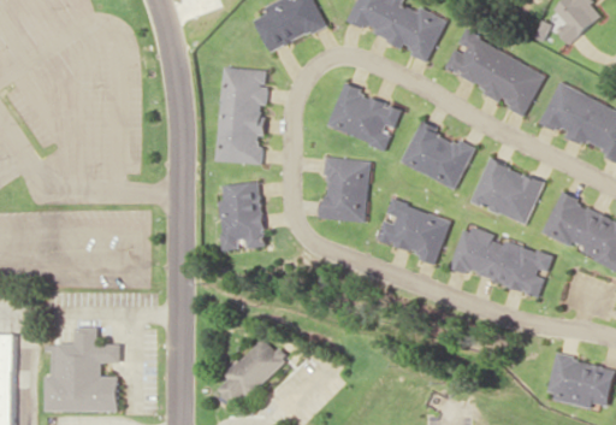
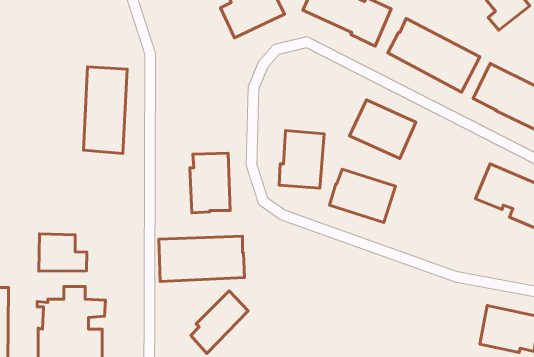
building: [217,66,266,164] -> [83,67,127,153]
building: [326,82,402,149] -> none
building: [469,158,544,224] -> none
building: [450,225,553,295] -> none
building: none -> [39,234,87,271]
building: none -> [159,236,244,282]

